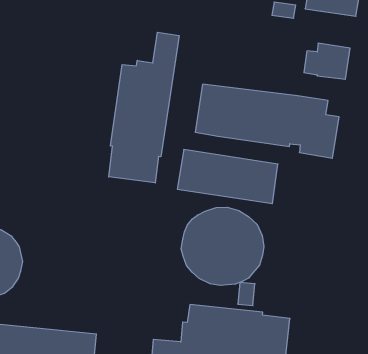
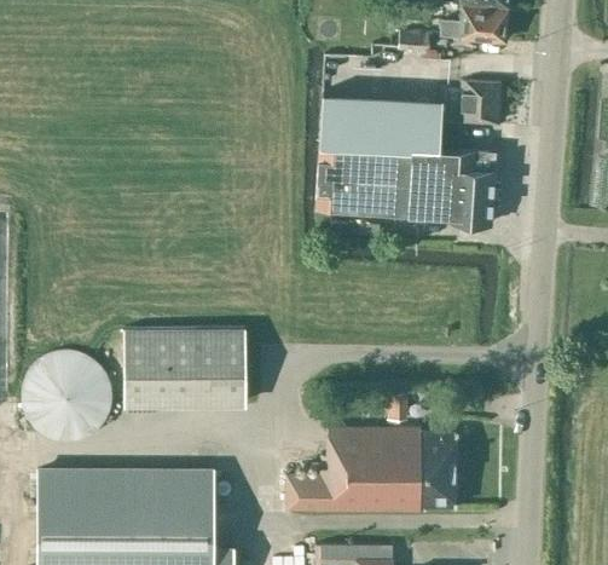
building: [109,32,179,183] -> none
building: [177,150,278,204] -> [319,92,444,150]
building: [181,207,264,285] -> none
building: none -> [125,329,248,408]

